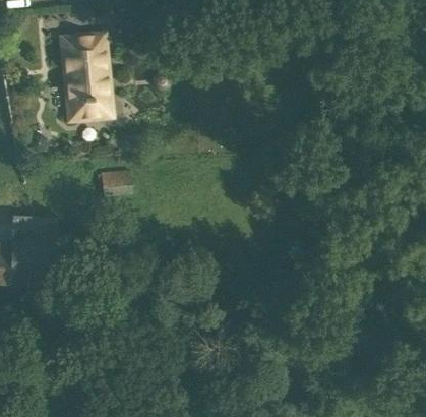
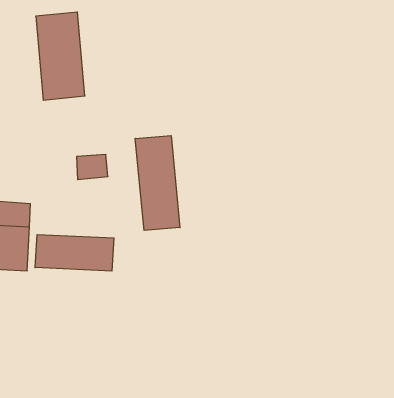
building: none -> [135,136,180,230]
building: none -> [35,235,114,271]

